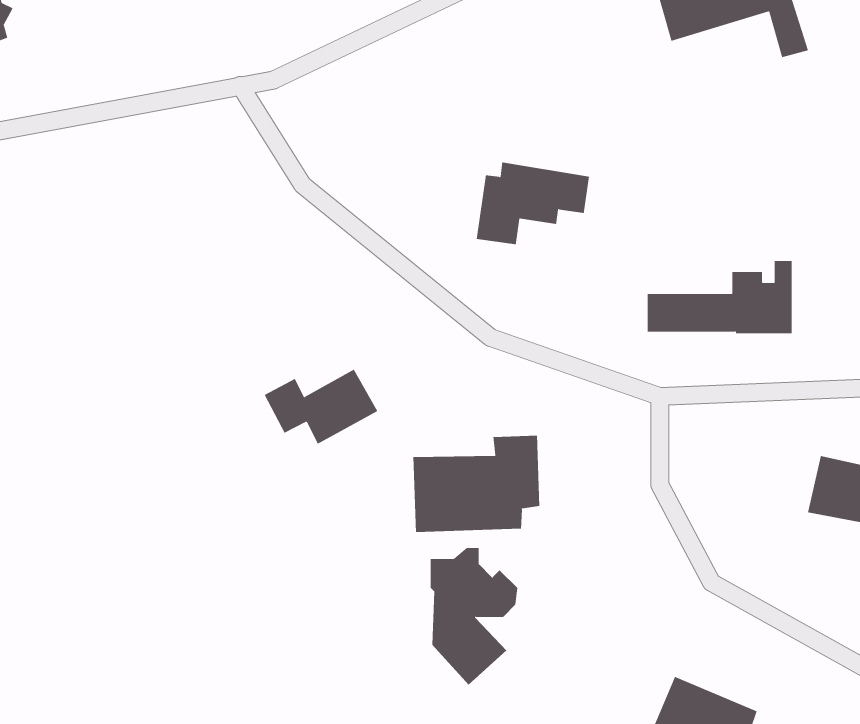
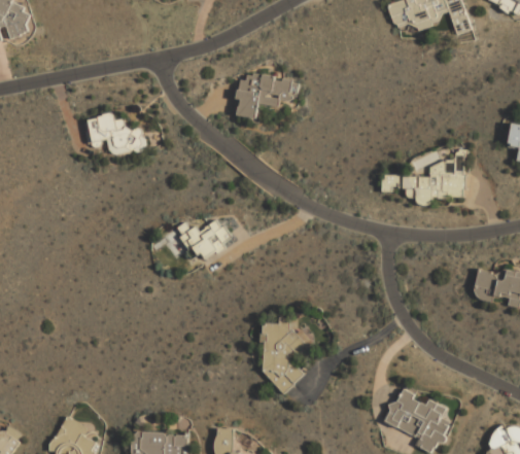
building: [476,162,590,245] -> [234,72,298,118]
building: none -> [85,114,145,153]
building: [413,435,540,533] -> none

